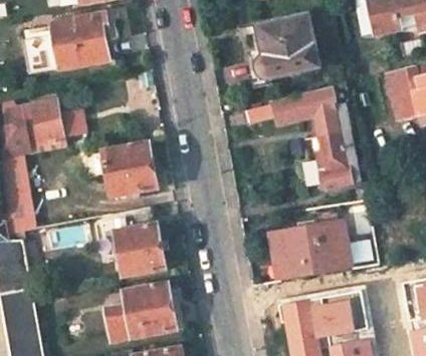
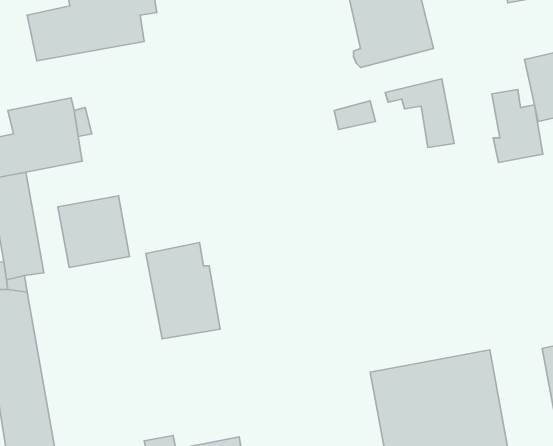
building: [316,134,354,188] -> [492,90,543,163]
building: [103,143,156,196] -> [58,196,130,268]
building: [270,221,352,278] -> none
building: [105,285,175,340] -> none

